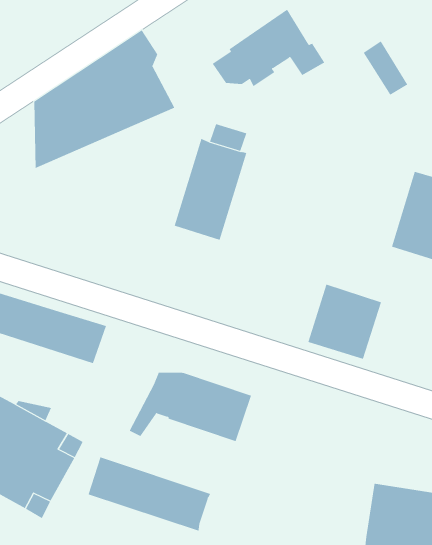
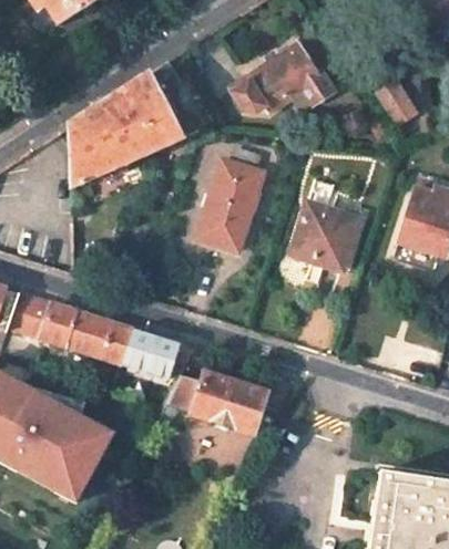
building: [308,284,382,359] -> [290,201,358,270]
building: none -> [123,329,194,382]
building: [88,457,211,532] -> none

